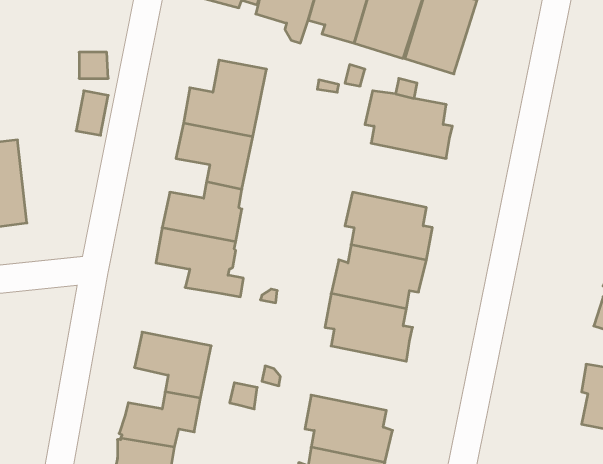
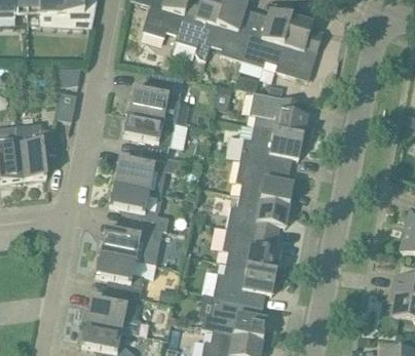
building: none -> [16,122,55,180]
building: none -> [238,124,303,169]
building: none -> [100,223,162,264]
building: none -> [213,262,276,305]

